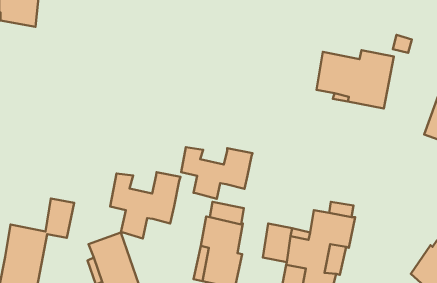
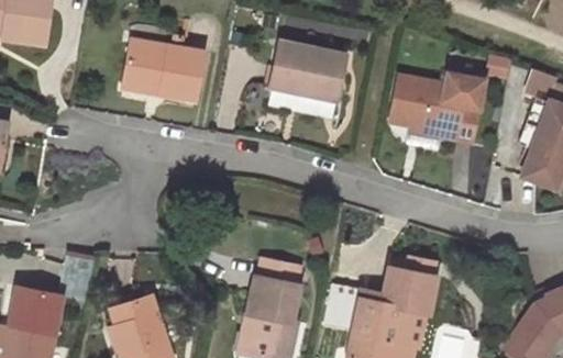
building: none -> [125,41,205,100]
building: none -> [273,42,345,100]
building: [181,147,253,199] -> none
building: [110,172,181,239] -> none

